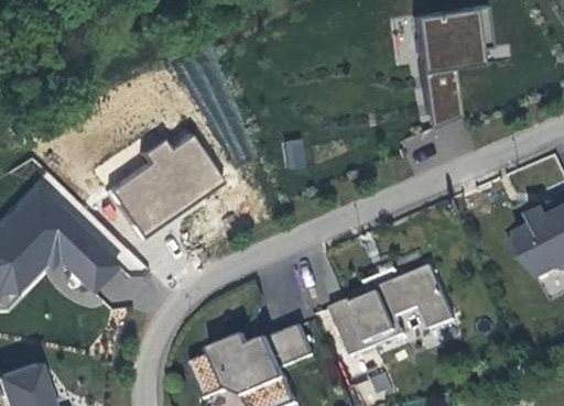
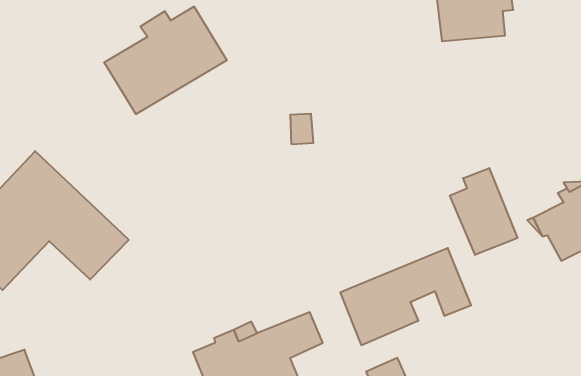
building: [420,72,459,122] -> none
building: [110,133,226,234] -> [104,7,227,114]
building: none -> [450,168,518,255]

